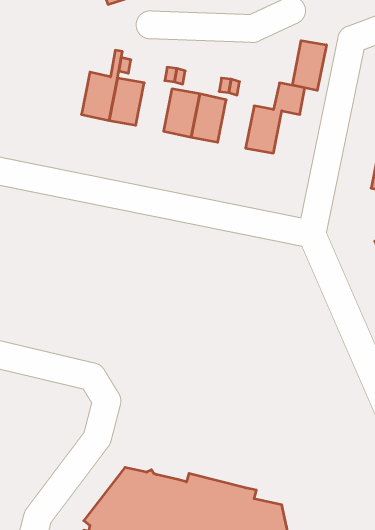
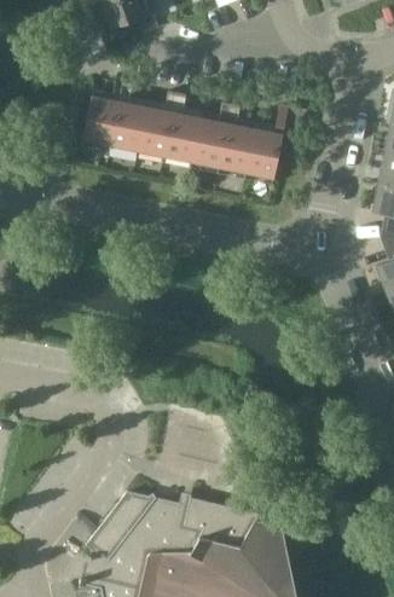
building: [292,41,326,90] -> none
building: none -> [138,108,174,156]
building: none -> [220,124,256,173]

